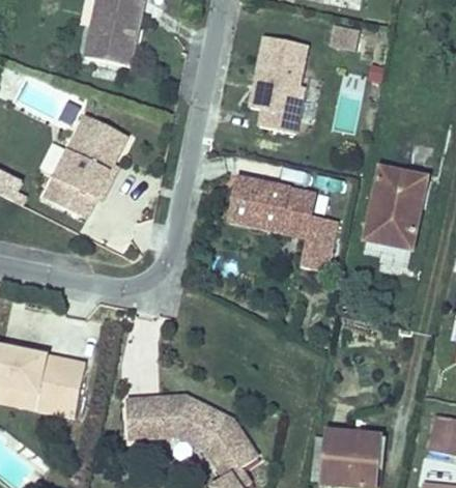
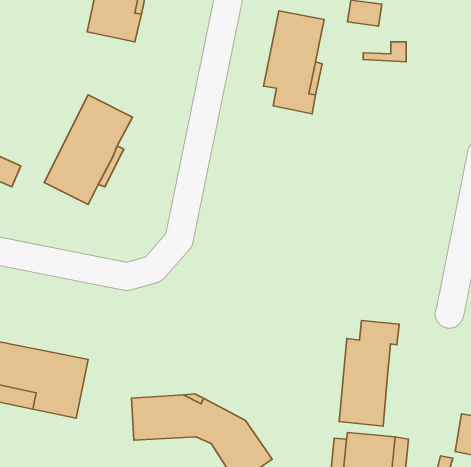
building: [363,167,427,260] -> none
building: [228,176,337,270] -> none
building: none -> [339,321,399,426]

